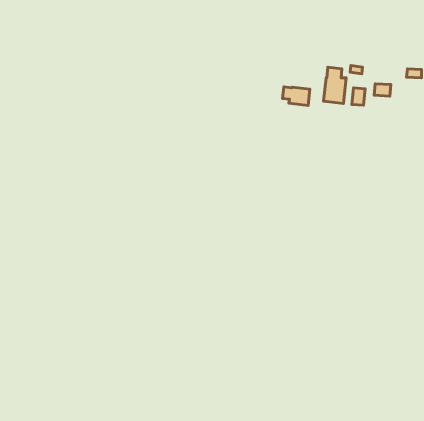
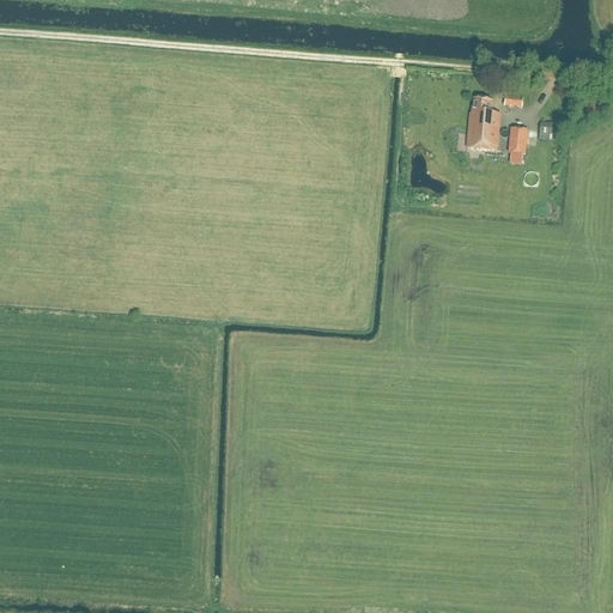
building: [283,87,310,106] -> none

